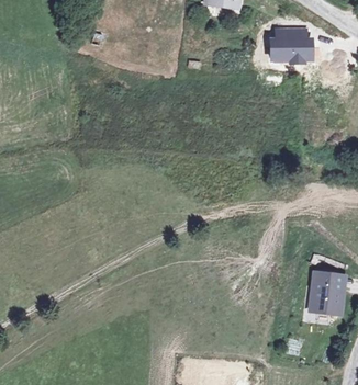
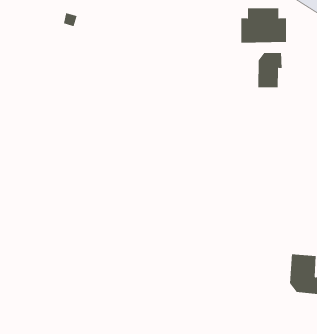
building: none -> [258,52,282,88]

